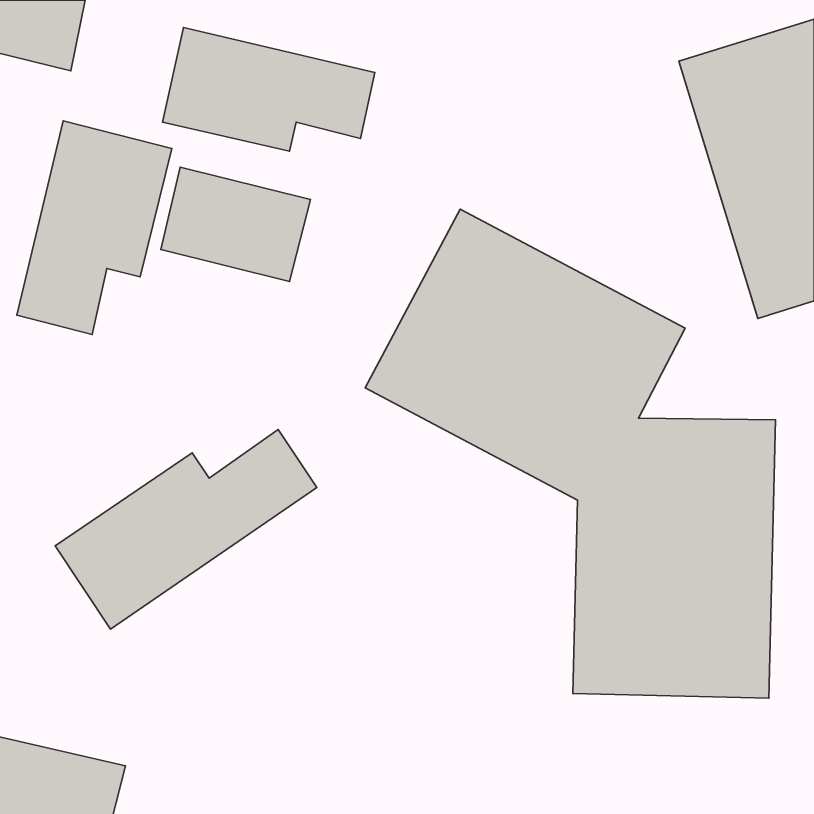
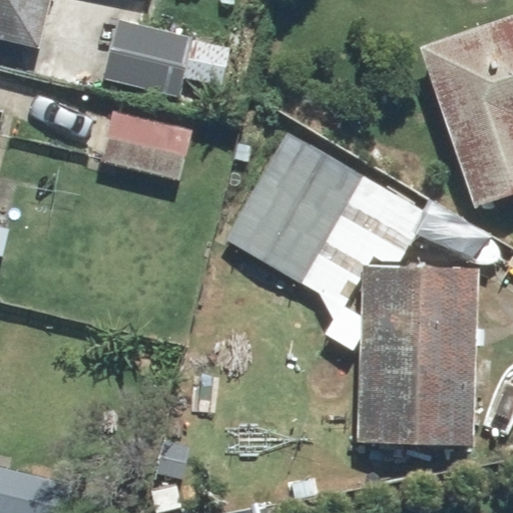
building: [17,121,172,334] -> none
building: [55,430,317,629] -> none

